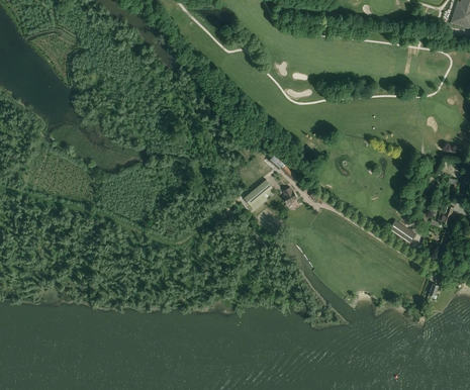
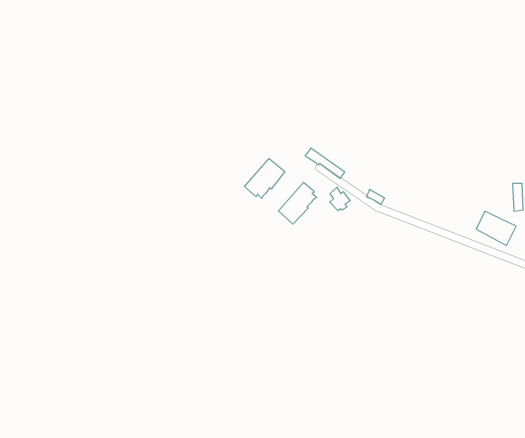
building: none -> [245,158,285,198]

